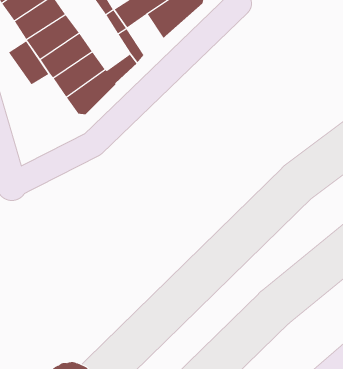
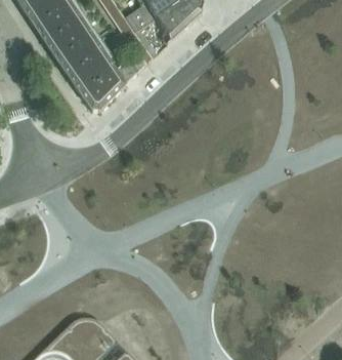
building: [8,41,49,85] -> none

